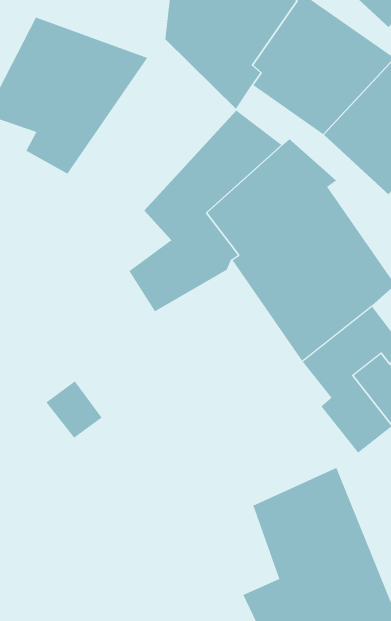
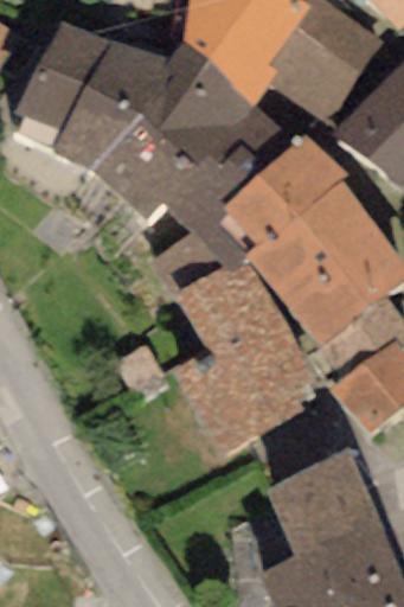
building: none -> [92,40,254,221]
building: none -> [175,261,315,454]

